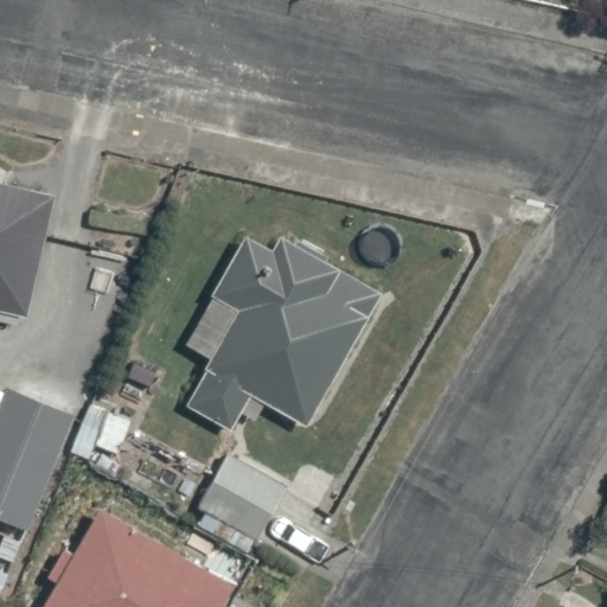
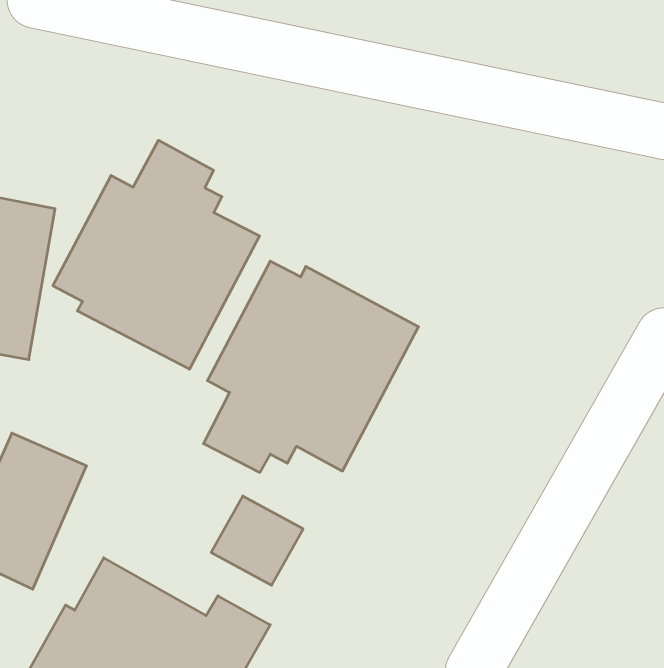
building: none -> [53,140,260,369]

